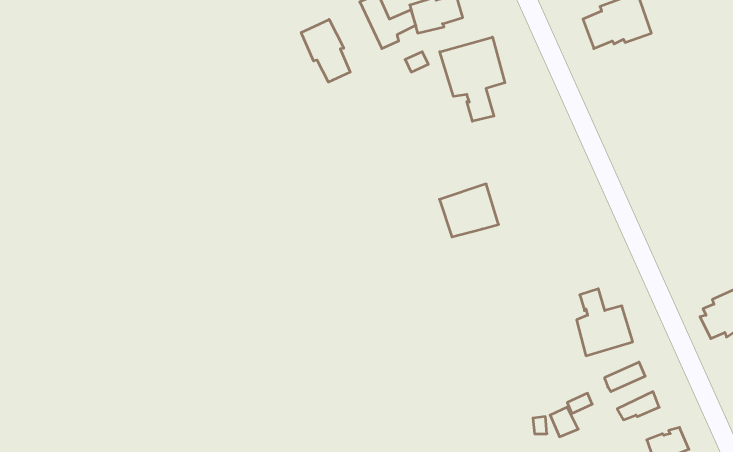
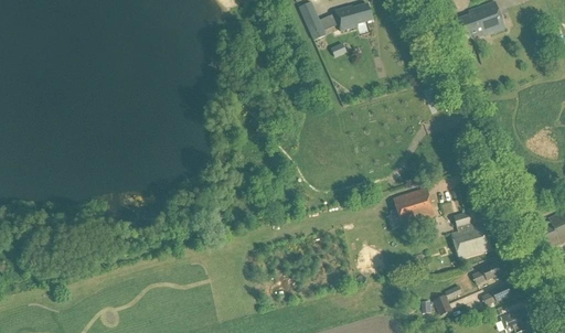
building: [301,19,350,82] -> none
building: [440,37,505,121] -> none
building: [439,184,499,237] -> [393,186,435,224]

